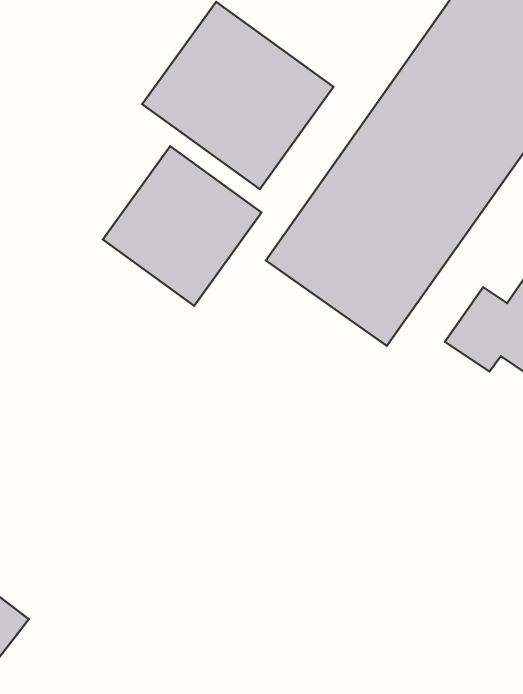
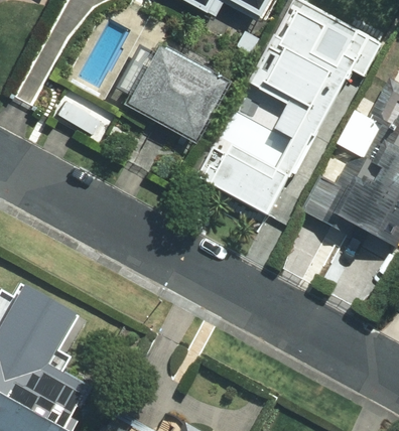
building: [103,146,261,306] -> none

